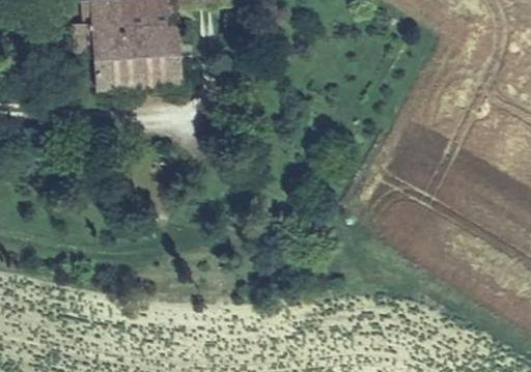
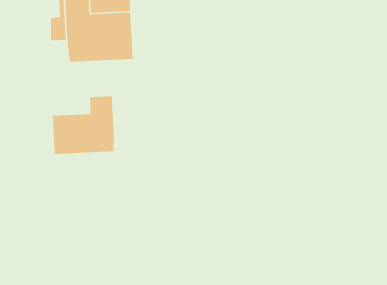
building: none -> [52,96,114,155]

